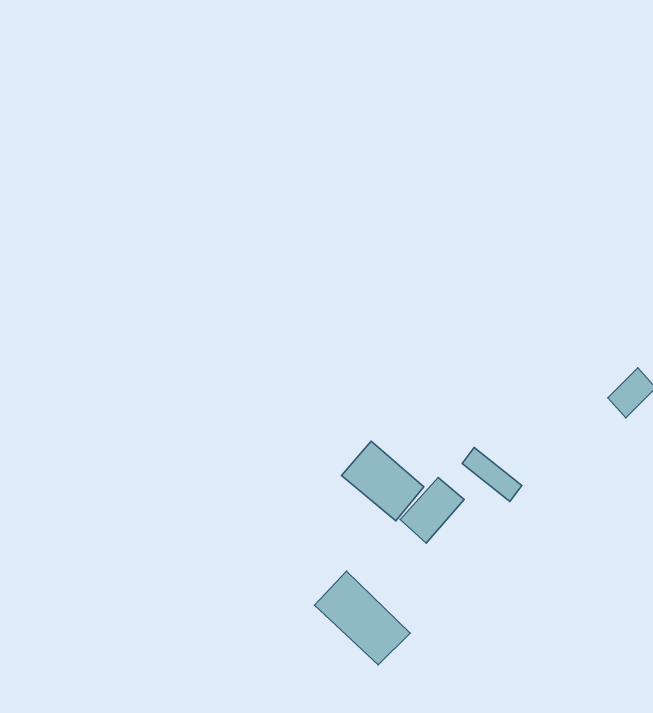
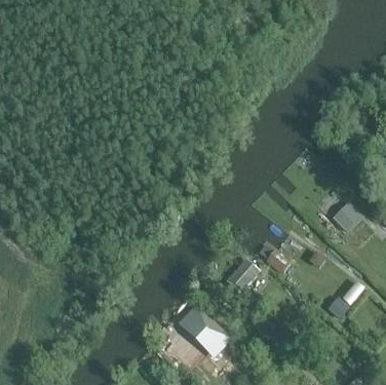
building: [341,441,424,521] -> none

